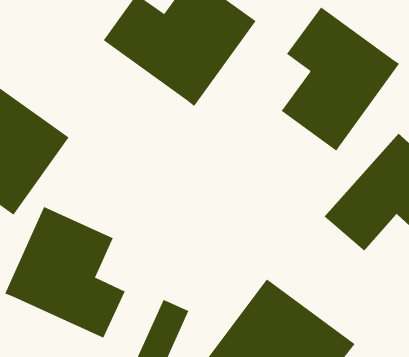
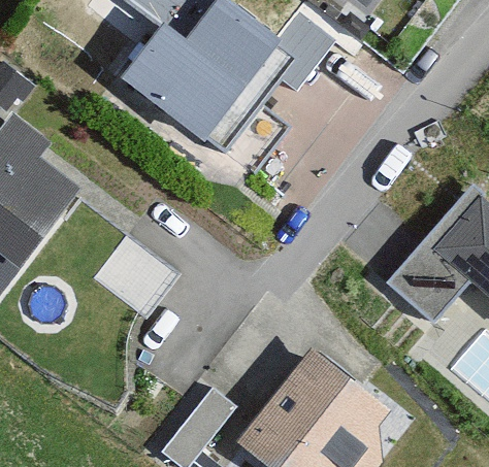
building: [281,7,400,151] -> none
building: [5,206,125,338] -> none

